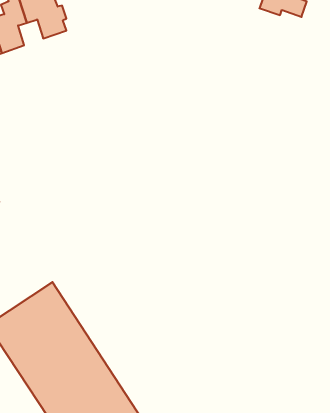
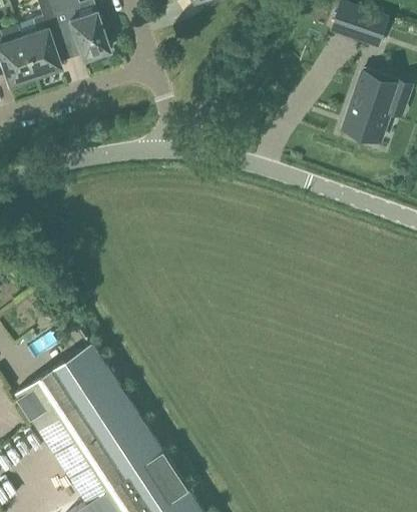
building: none -> [347,78,410,142]

